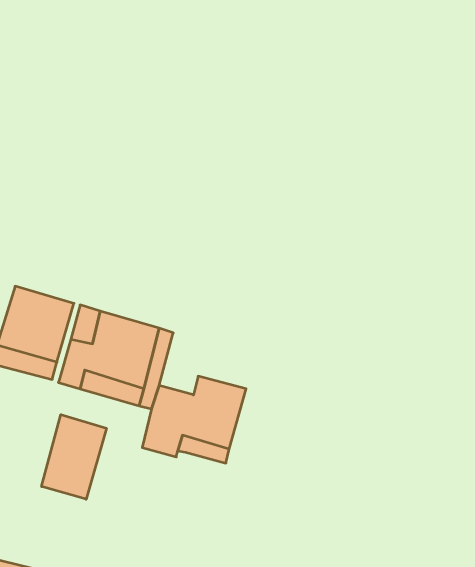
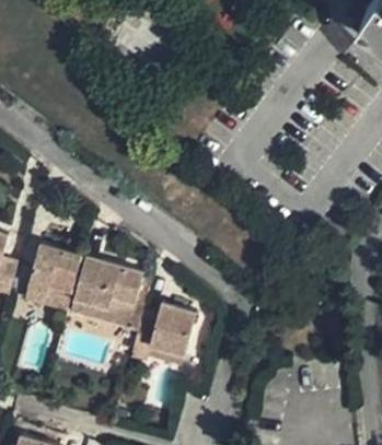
building: [42,415,106,499] -> none

